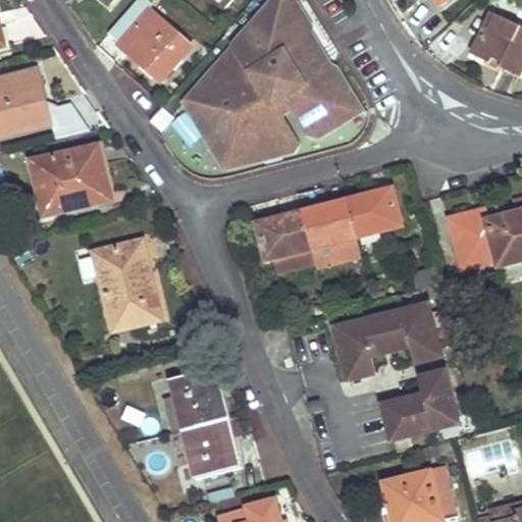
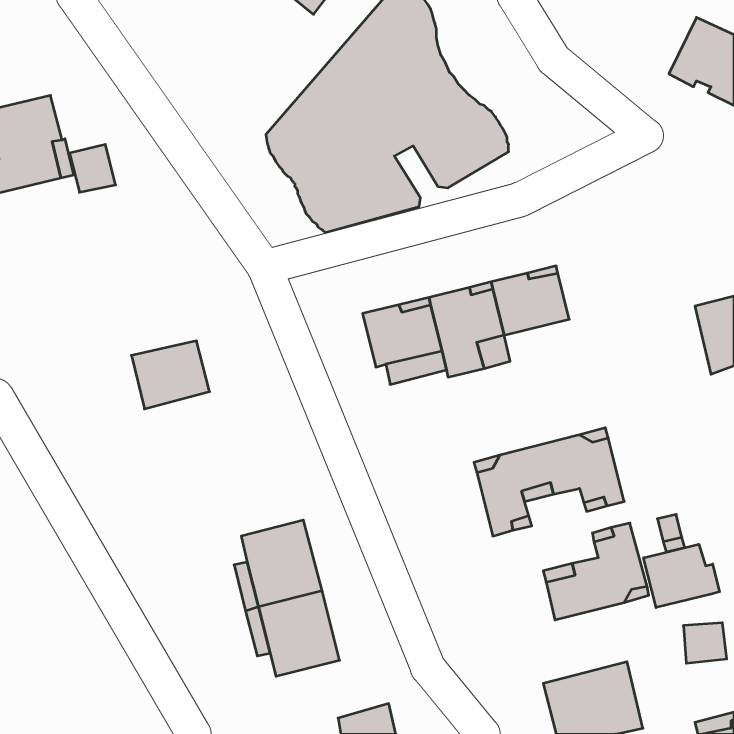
building: [117,8,192,81] -> none
building: [30,143,103,214] -> none
building: [451,207,502,267] -> none
building: [102,276,161,329] -> none
building: none -> [644,544,720,608]

